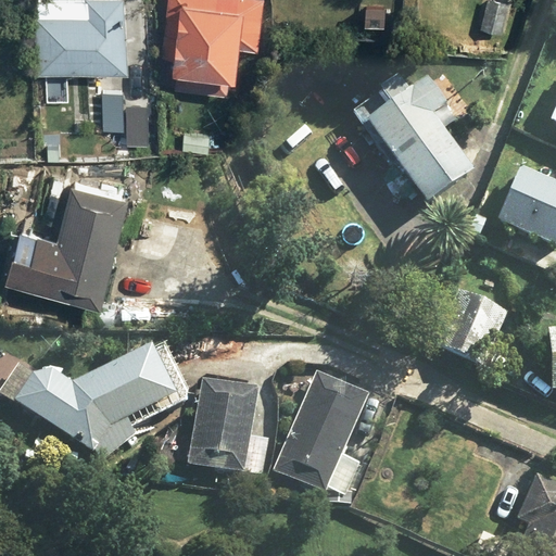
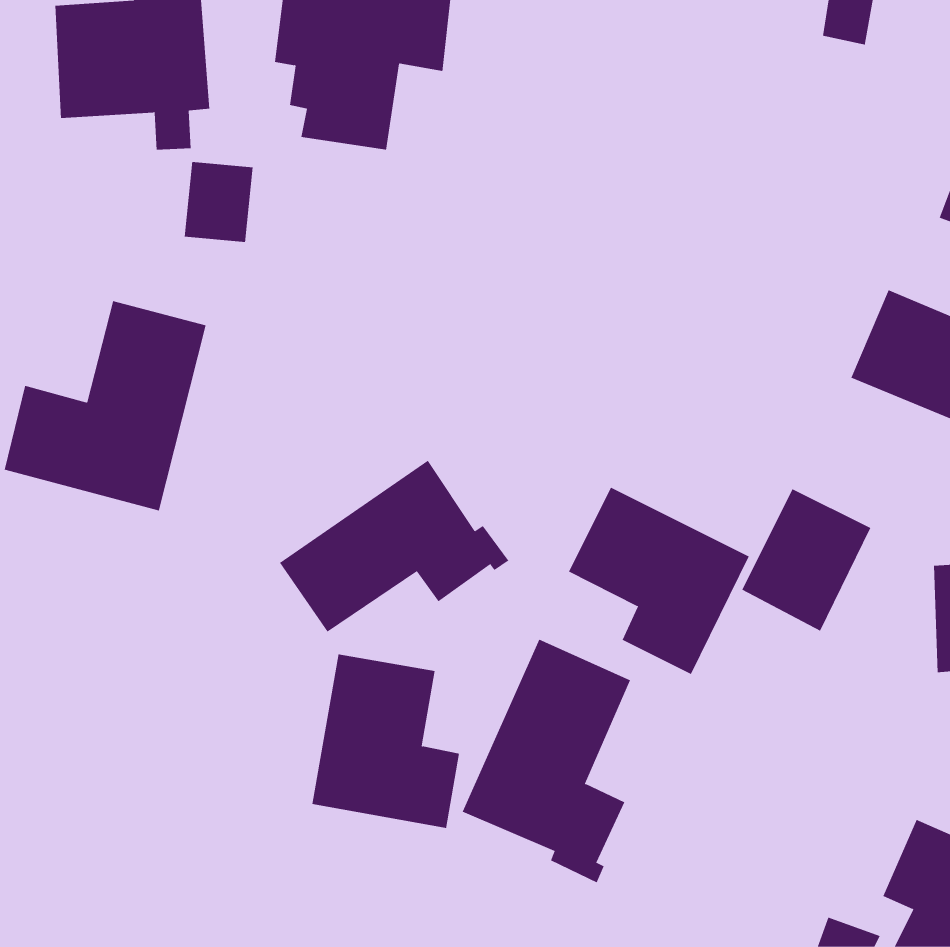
building: [353,64,473,208] -> none
building: none -> [279,460,509,633]
building: none -> [568,487,749,675]
building: [16,341,191,464] -> none

